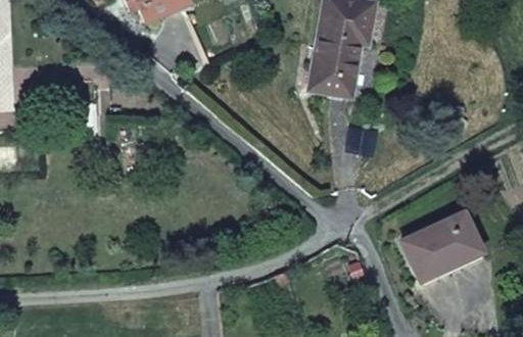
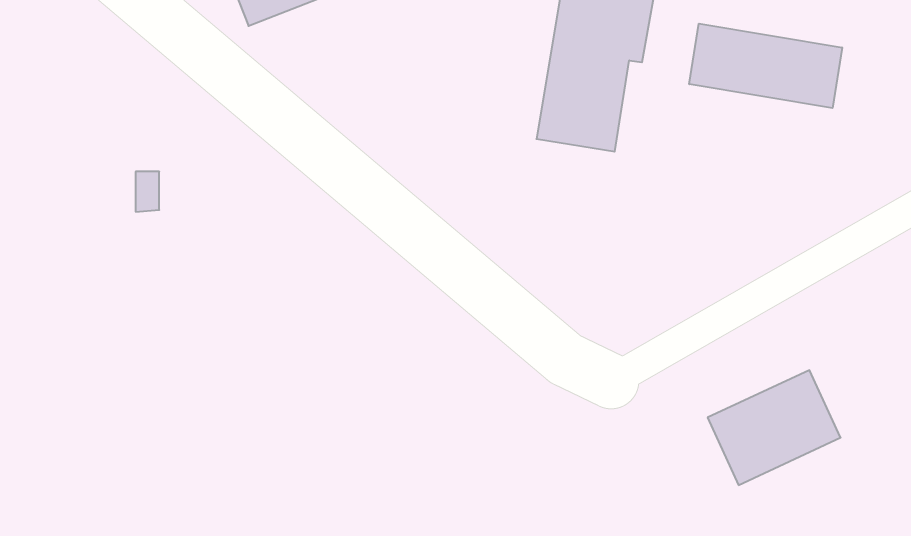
building: none -> [689,24,842,108]

